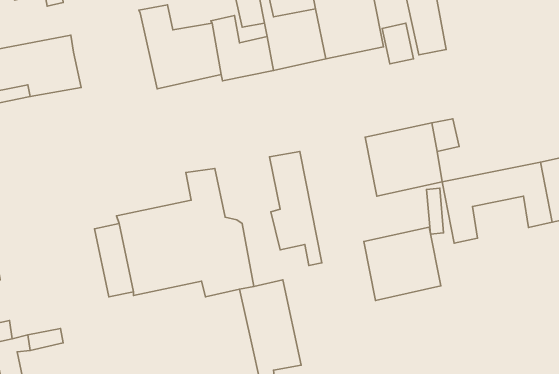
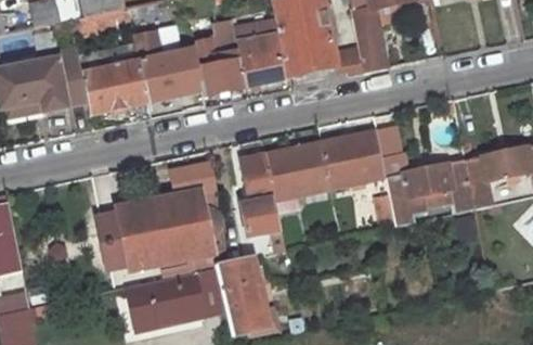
building: none -> [79,38,148,113]
building: [364,227,441,300] -> [266,141,330,202]
building: none -> [128,267,226,331]

